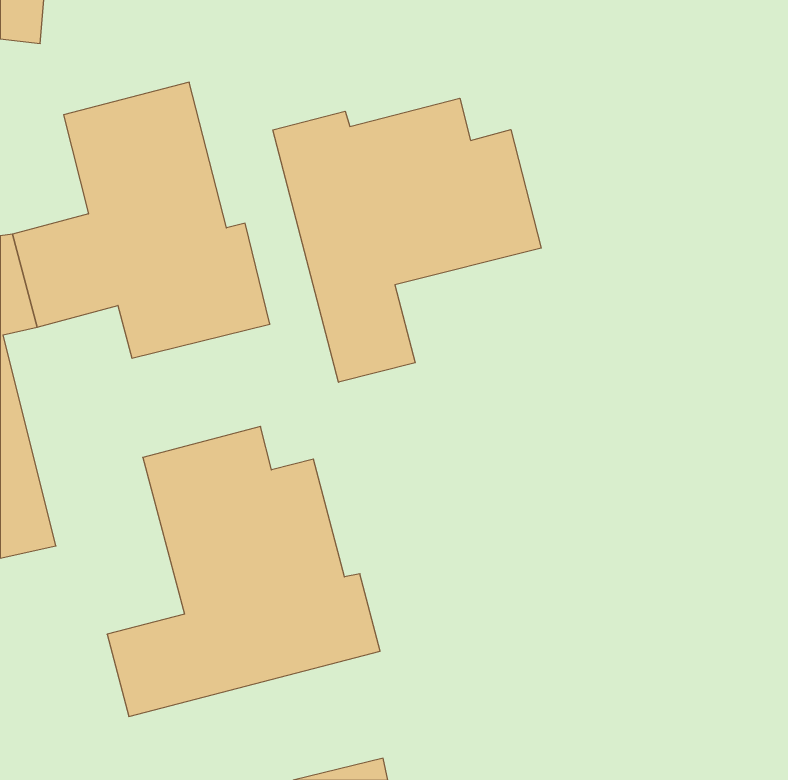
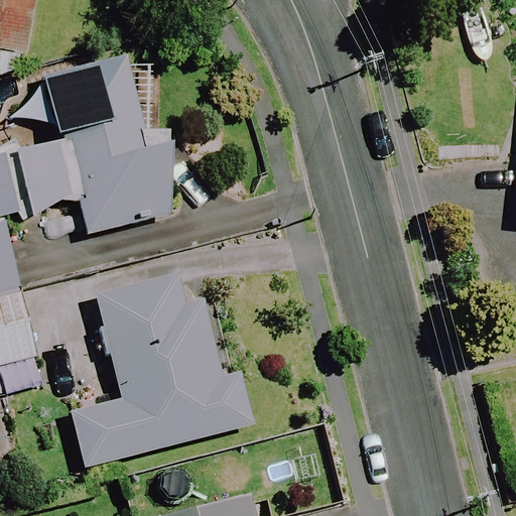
building: [273,98,541,382] -> none

